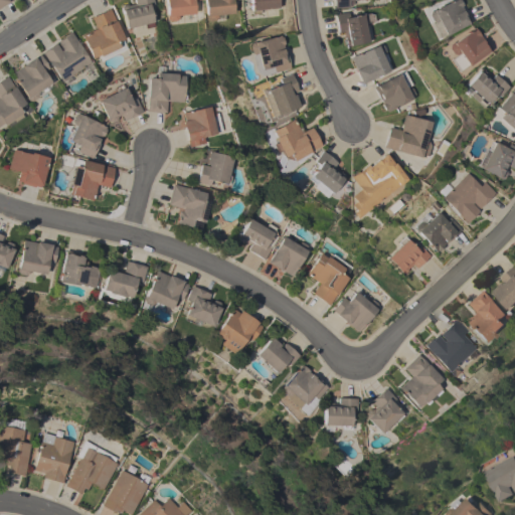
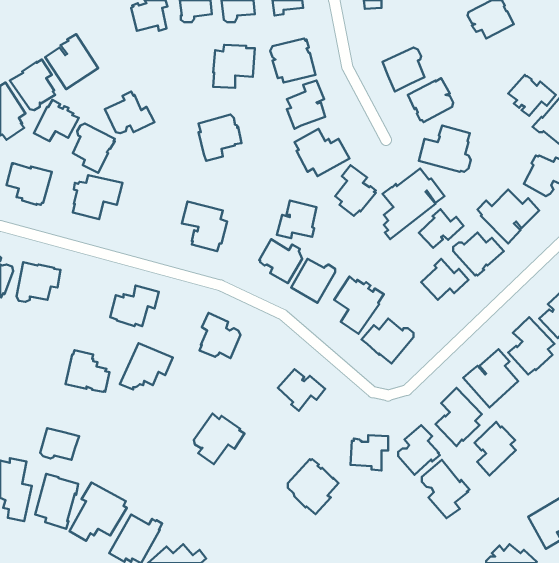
building: [84,8,130,61] -> none
building: [337,12,377,45] -> none
building: [452,27,494,71] -> none
building: [149,72,187,112] -> [213,45,255,88]
building: none -> [34,100,79,141]
building: [199,151,235,185] -> [277,201,316,238]
building: none -> [419,209,463,248]
building: [60,249,101,288] -> [66,350,110,392]
building: [142,271,190,313] -> [120,343,173,390]
building: [217,308,264,354] -> [194,414,245,464]
building: [283,365,329,415] -> [288,459,339,514]
building: none -> [474,422,516,475]
building: none -> [40,428,79,460]
building: none -> [422,460,470,518]

